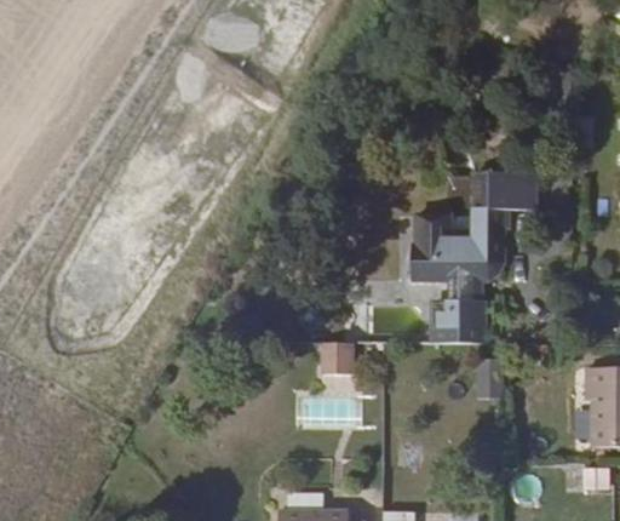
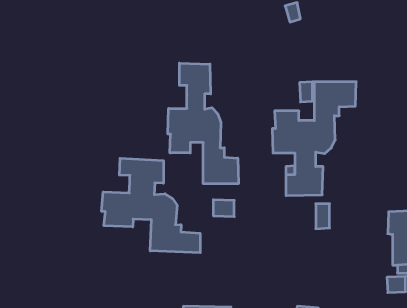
building: none -> [168,63,238,184]
building: none -> [102,158,200,253]

